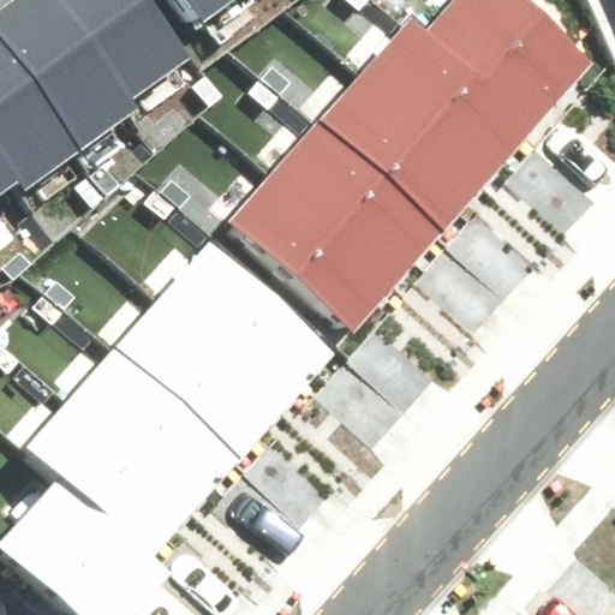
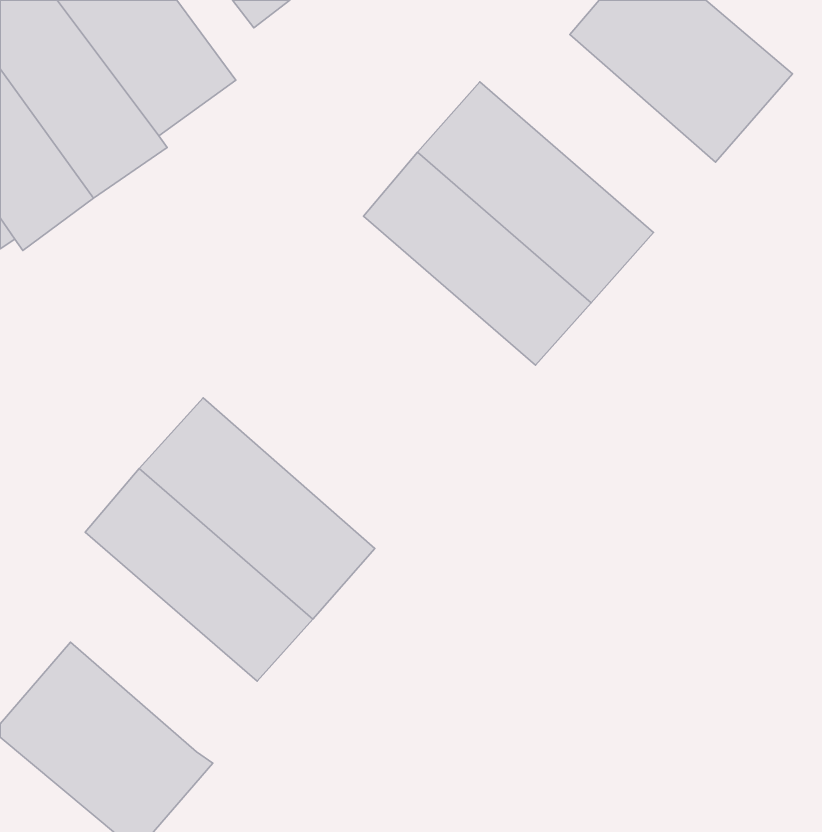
building: [363,12,536,174] -> none
building: [232,162,404,322] -> none
building: [160,244,333,406] -> none
building: [29,394,199,555] -> none

